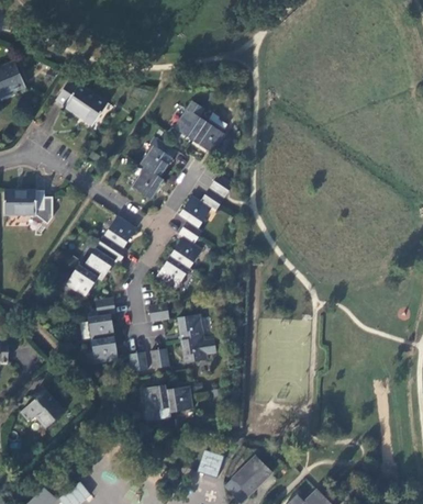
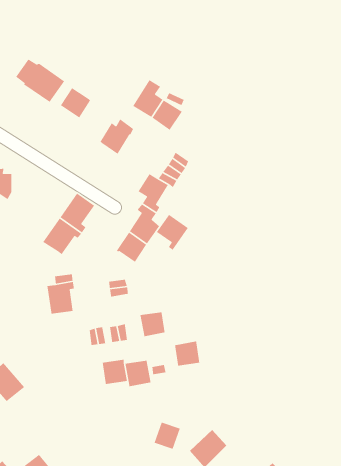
building: [131,167,163,199] -> [60,87,91,118]
building: none -> [156,214,189,251]
building: [66,265,98,296] -> none
building: [178,314,204,340] -> [174,340,200,366]
building: [91,337,118,363] -> none

